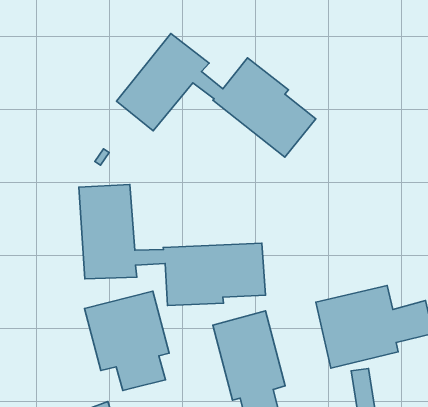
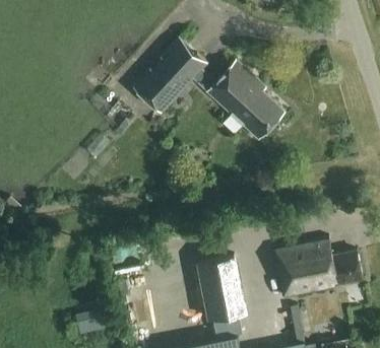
building: [79,184,266,305] -> none
building: [85,291,169,391] -> none

